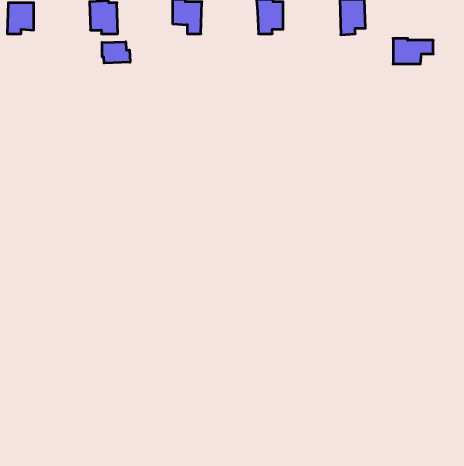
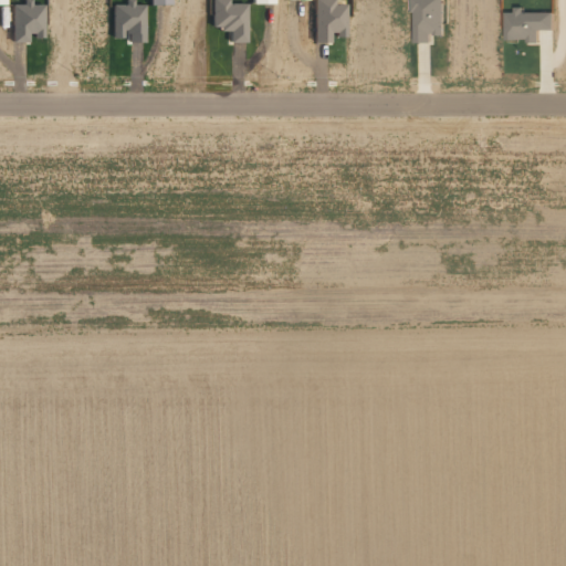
building: [393,38,433,64] -> [507,9,556,40]
building: [102,42,130,63] -> none

